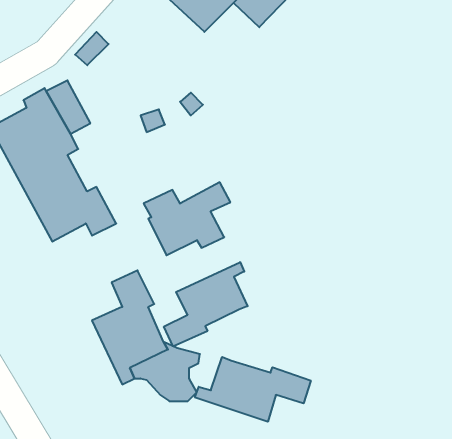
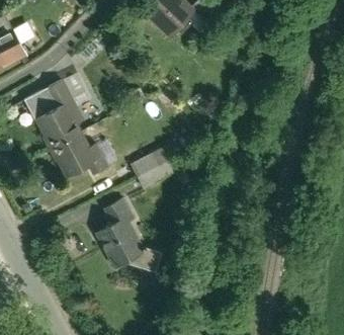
building: [164,262,248,346] -> none
building: [195,357,311,422] -> none

